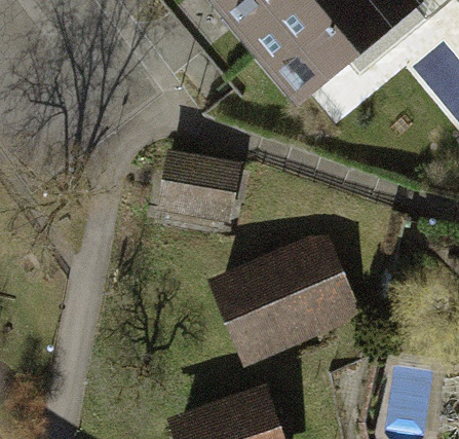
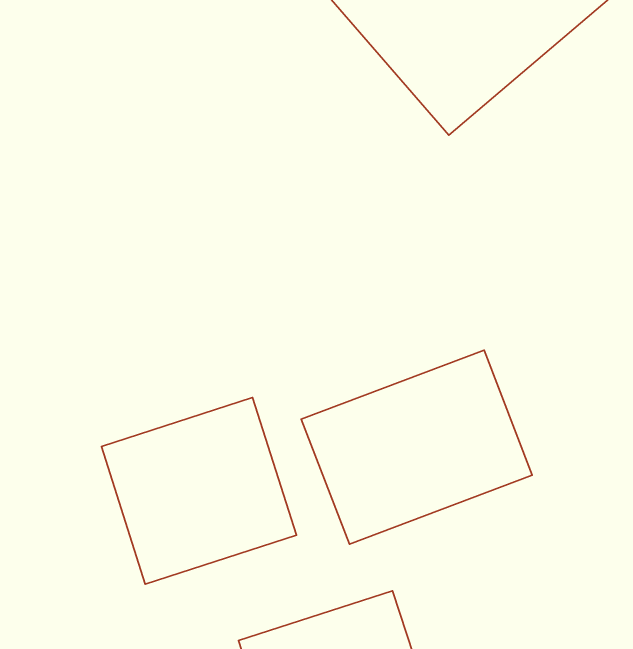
building: [154,152,239,226] -> none
building: none -> [101,398,296,584]

